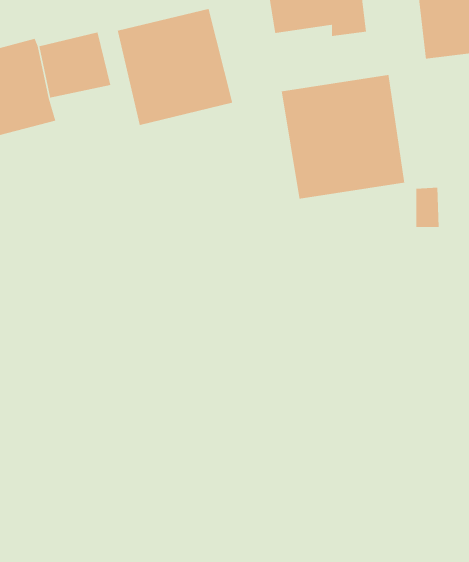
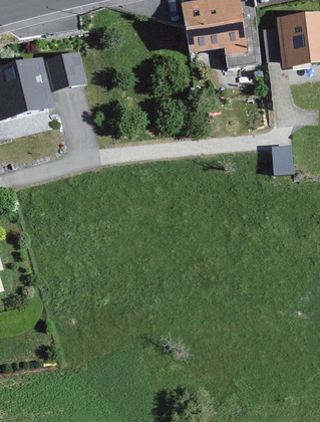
building: [117,8,233,126] -> none
building: [281,74,405,199] -> none

